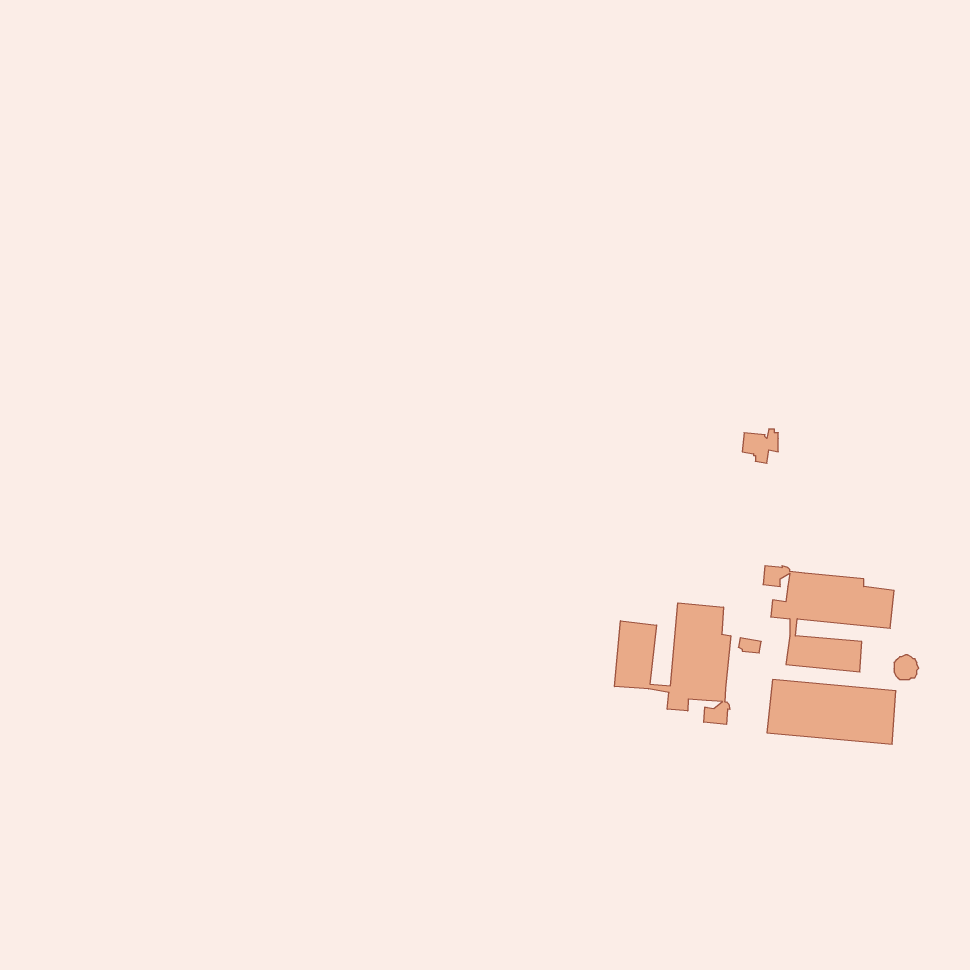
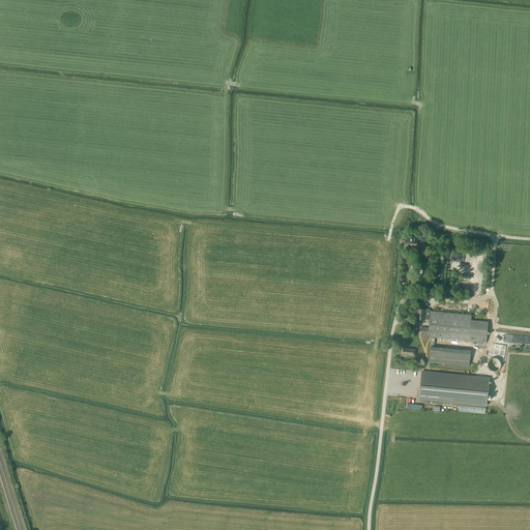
building: [615,603,731,724] -> none

